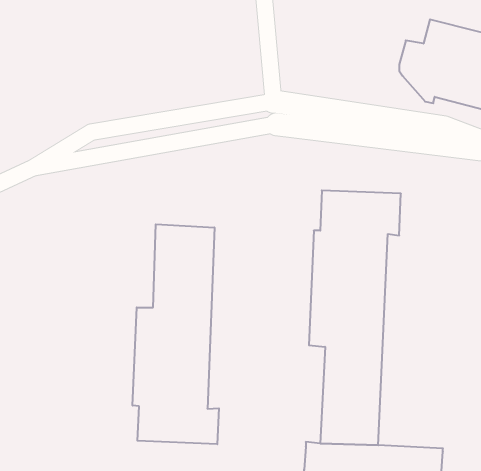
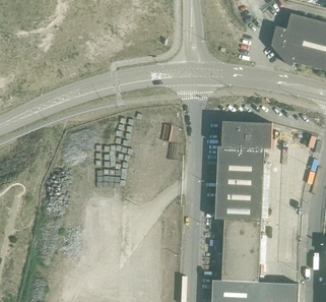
building: [133,224,219,444] -> none

